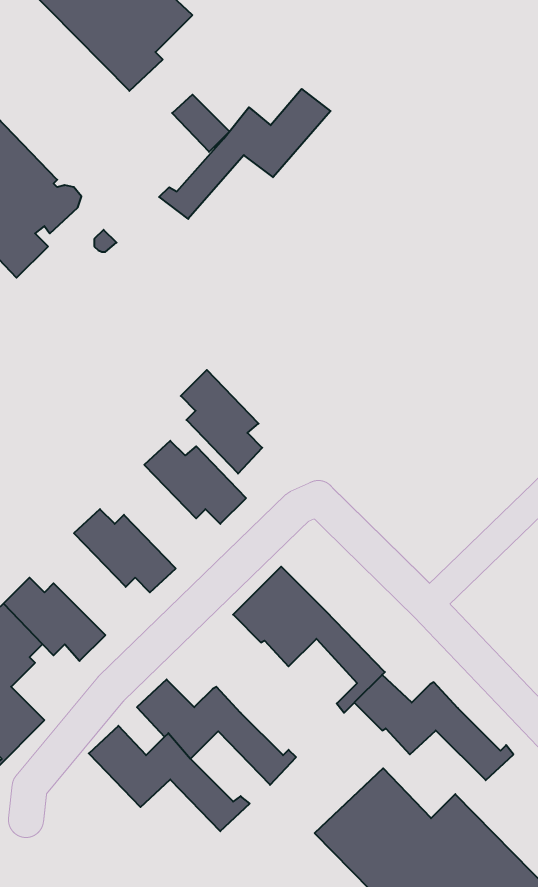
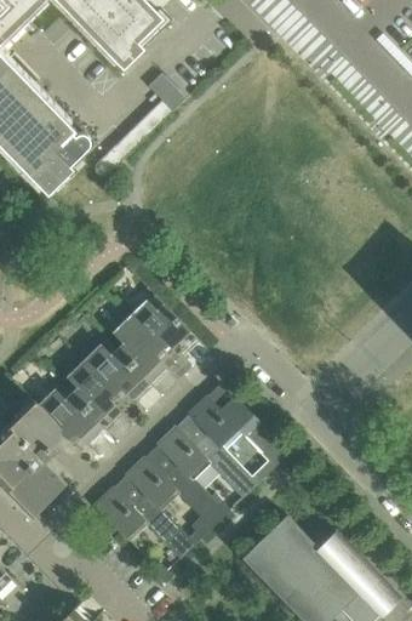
building: [159,89,331,219] -> none
building: [181,370,262,474] -> [111,317,165,384]
building: none -> [65,361,120,428]
building: [354,675,513,780] -> [155,427,259,496]

